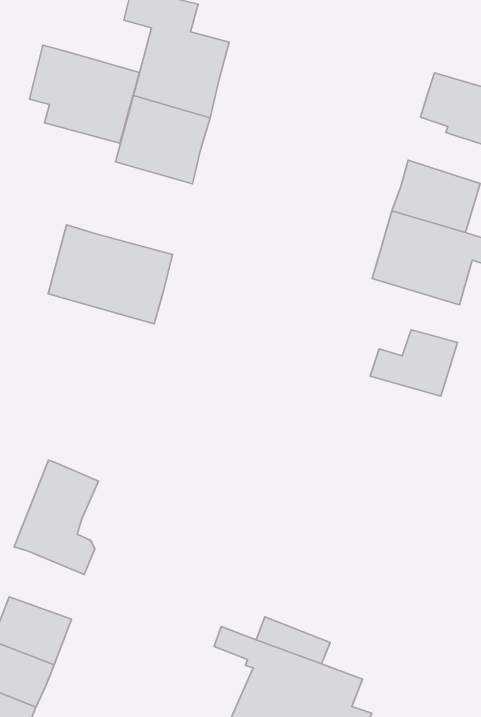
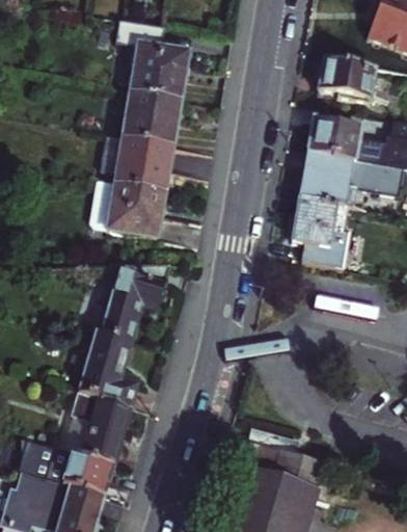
building: [29,45,140,143] -> [103,135,173,194]
building: none -> [290,196,346,245]
building: none -> [102,266,172,348]
building: none -> [81,399,132,441]

